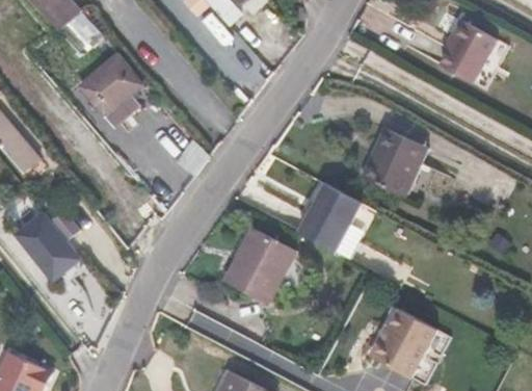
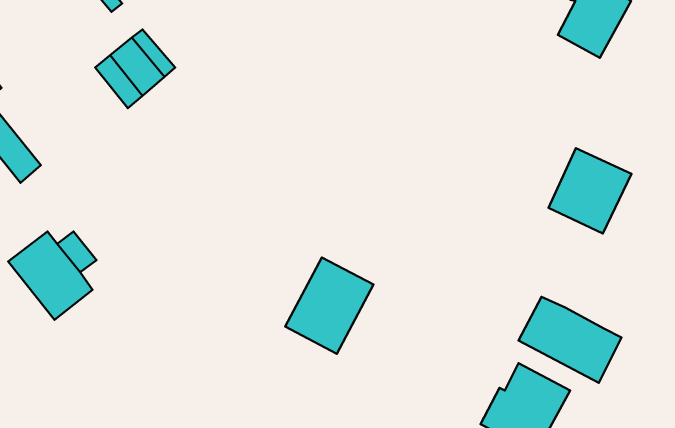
building: [363,129,426,194] -> [549,148,631,234]
building: [300,184,364,253] -> none
building: none -> [519,297,621,383]

